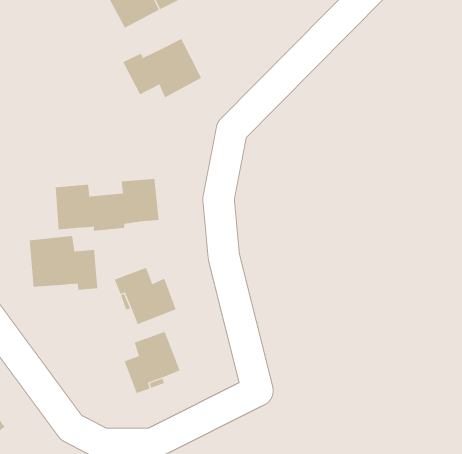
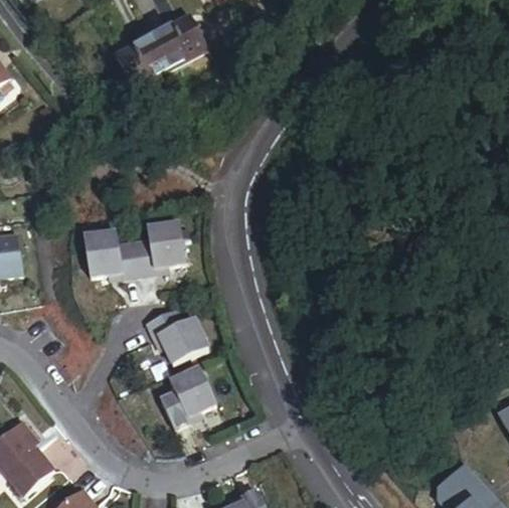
building: [123,38,202,98] -> none
building: [29,235,98,291] -> none

